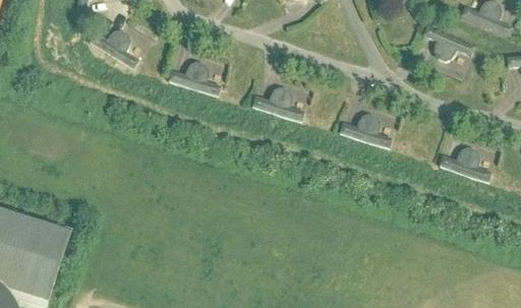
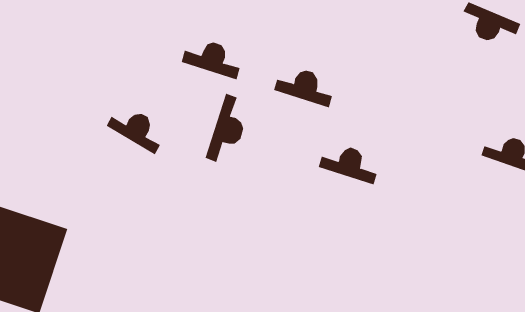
building: [90,30,139,68] -> [106,113,161,155]
building: none -> [205,93,244,163]
building: [339,114,393,148] -> [318,147,378,185]

